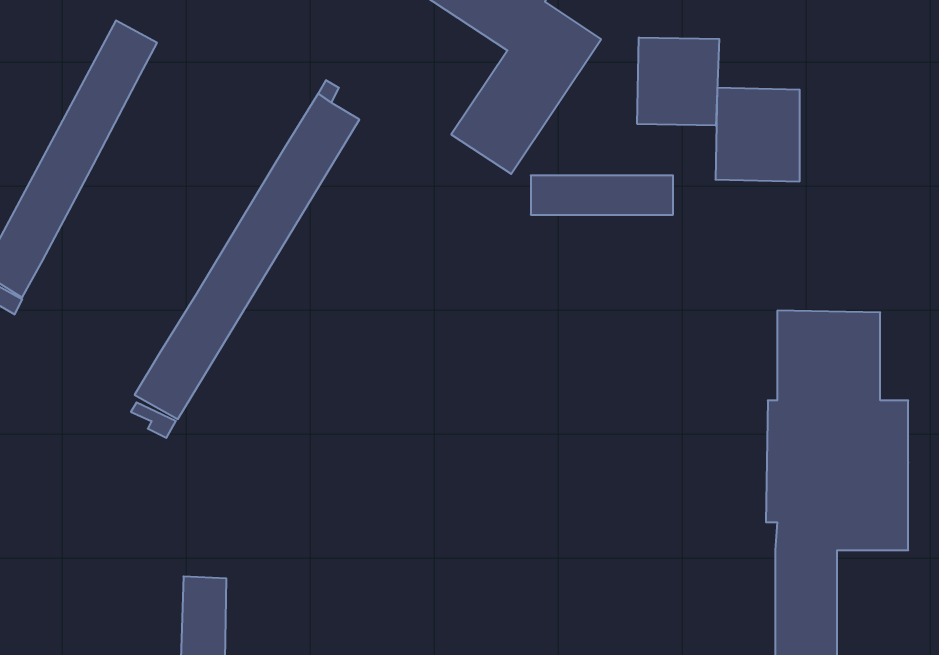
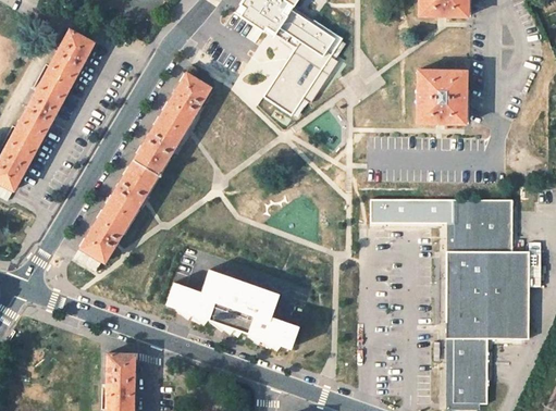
building: [637,37,719,126] -> none
building: [531,175,673,215] -> [370,199,453,222]
building: none -> [166,266,300,349]

